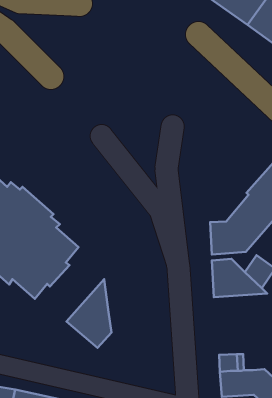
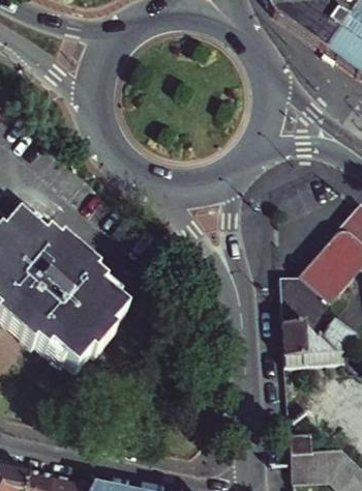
building: [67,279,112,348] -> none

